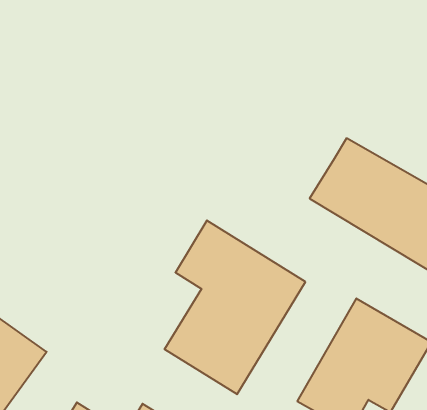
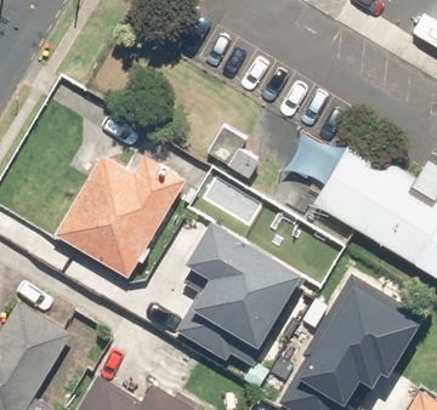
building: none -> [53,153,186,279]

